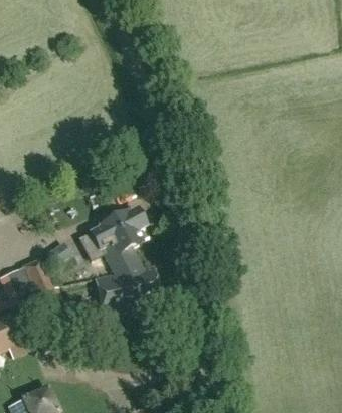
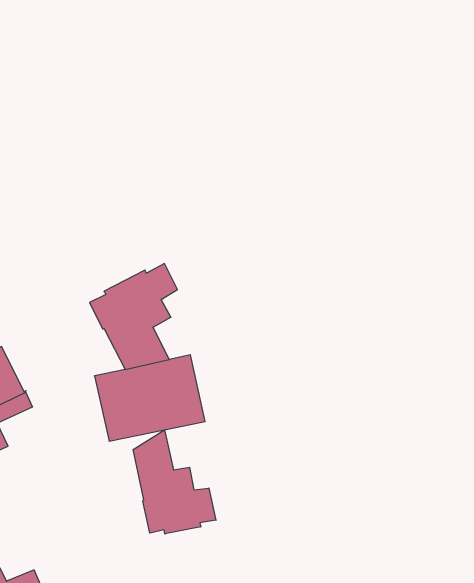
building: none -> [133,430,216,534]

